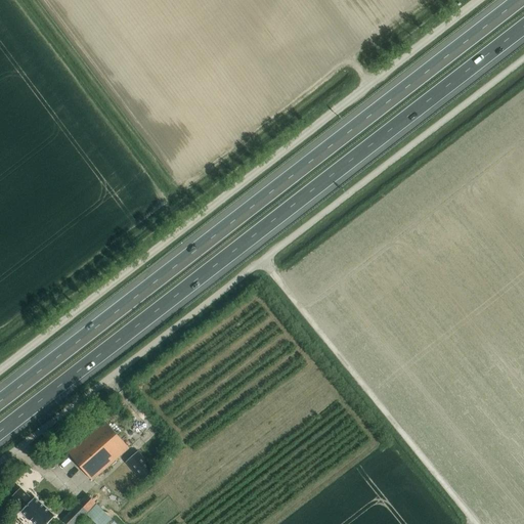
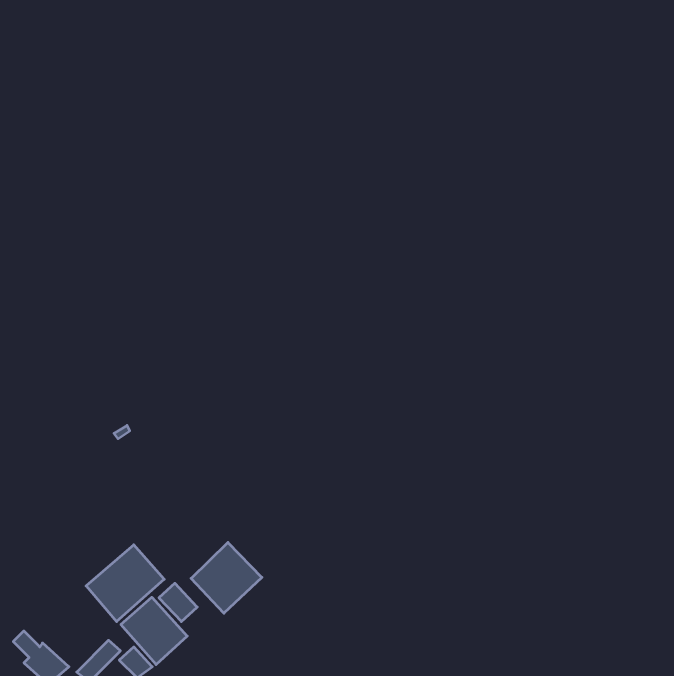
building: none -> [191,542,262,613]
building: none -> [121,597,187,665]

